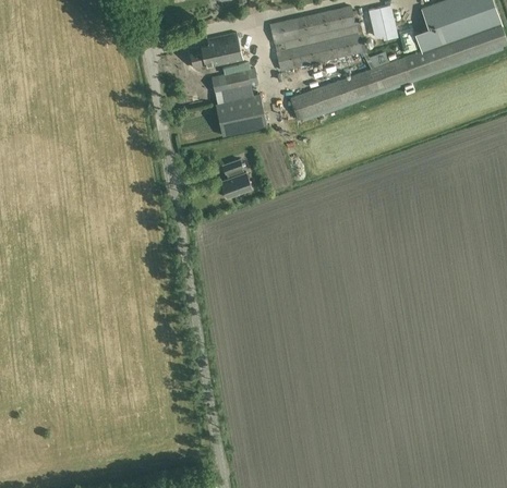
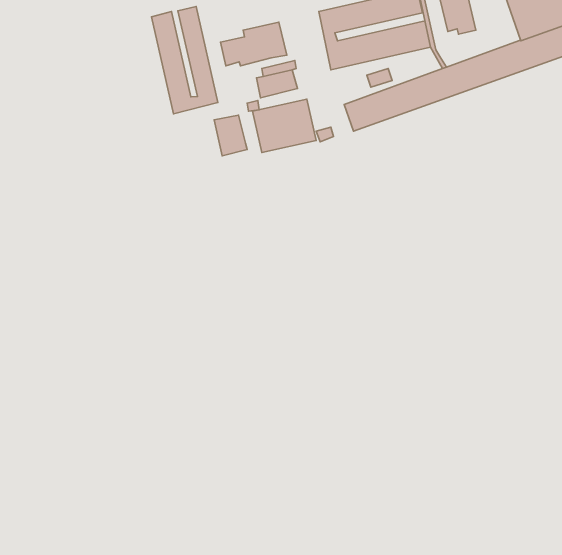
building: none -> [151,7,218,114]
building: none -> [214,115,247,156]
building: [219,160,252,199] -> none

